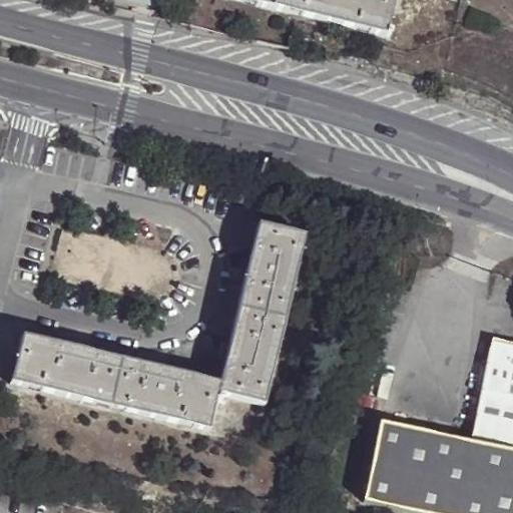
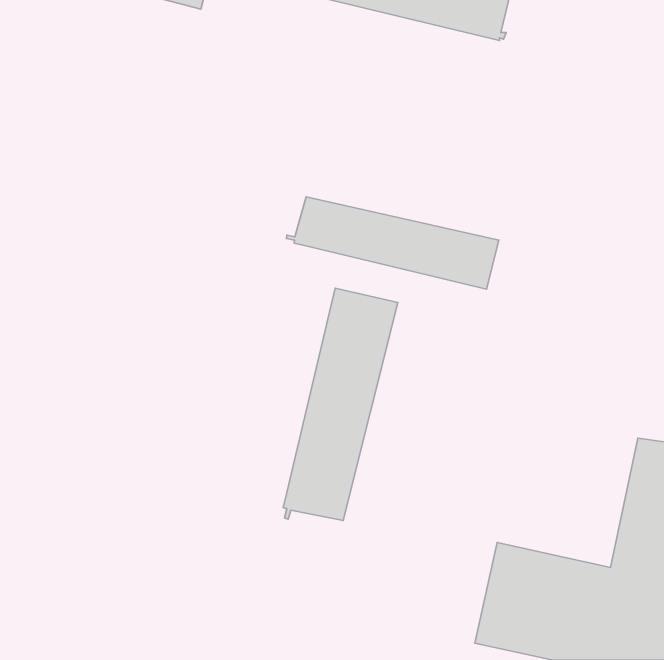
building: none -> [286,197,499,289]
building: [12,334,221,427] -> none

